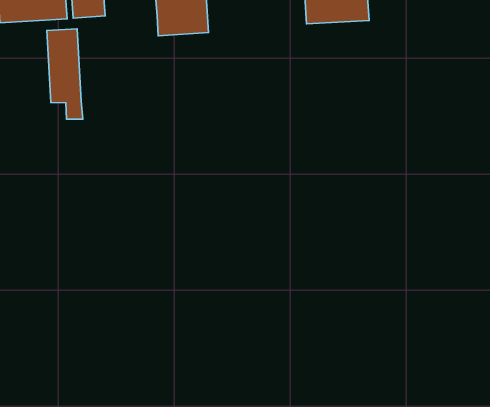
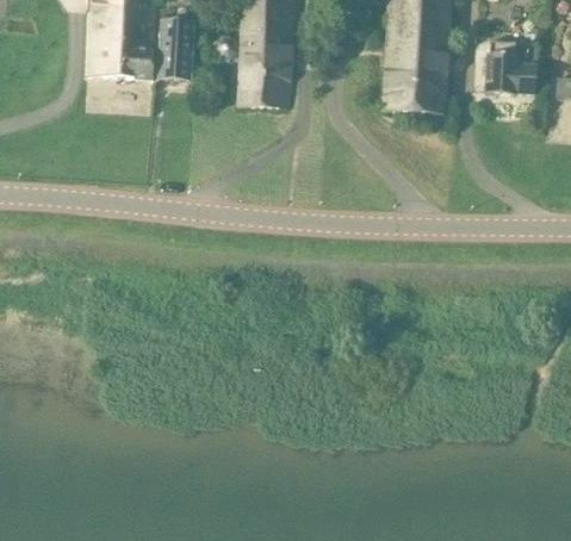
building: [47,29,83,119] -> none

